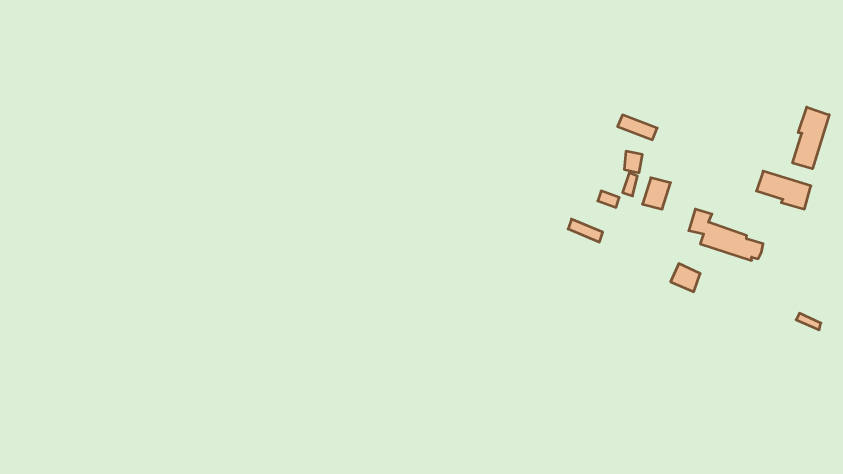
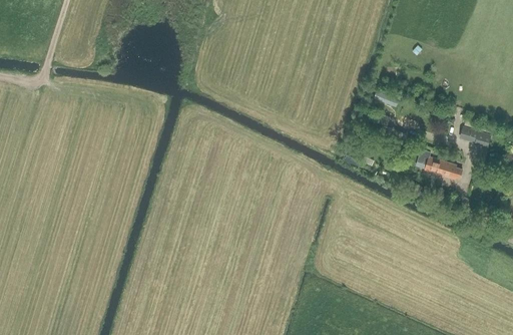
building: [793,107,829,169] -> none

